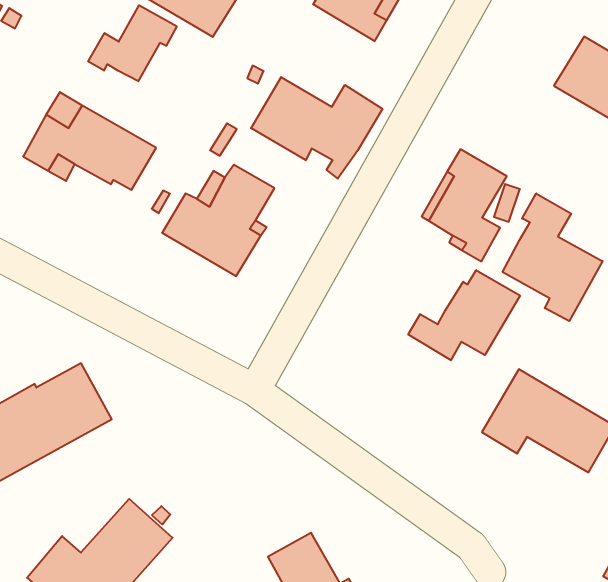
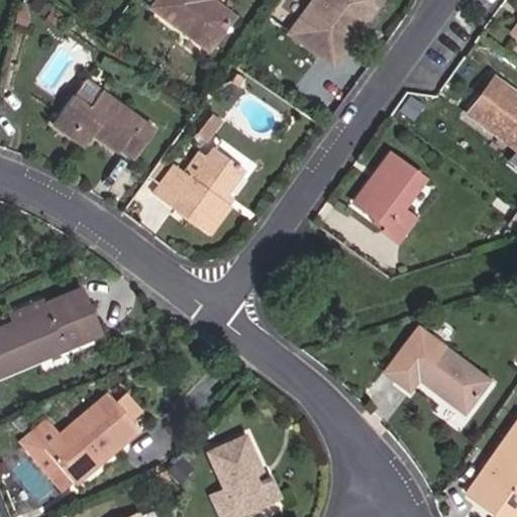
building: [88,5,177,81] -> none
building: [251,77,382,179] -> none
building: [503,193,603,321] -> none
building: [408,270,520,360] -> none

